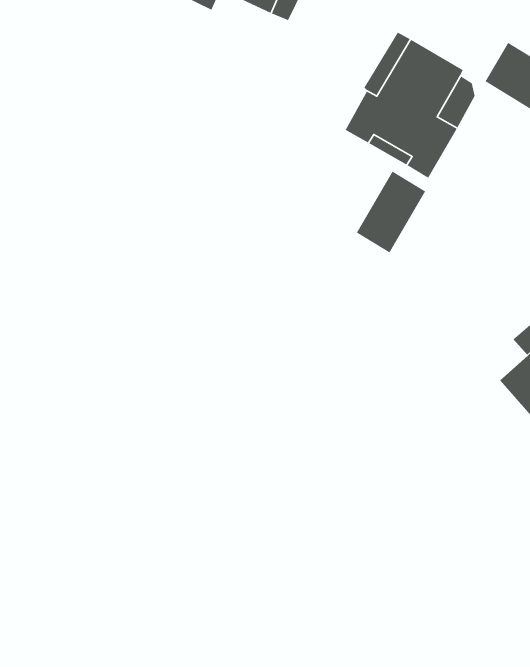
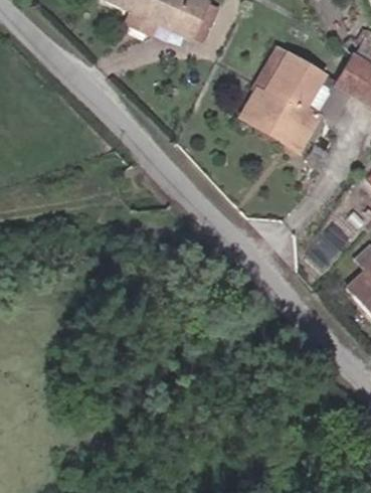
building: [356,171,426,254] -> none

